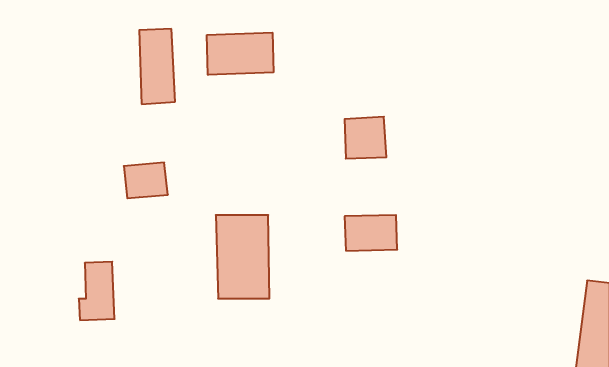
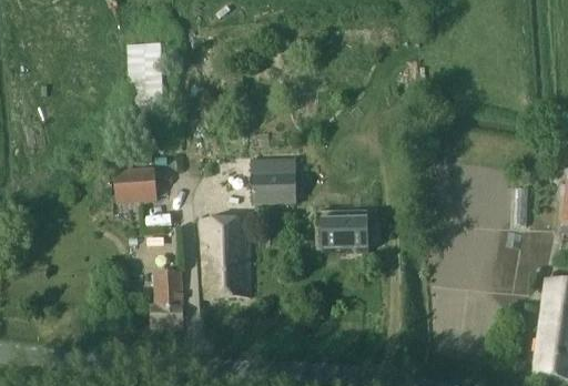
building: [207,33,273,75] -> none
building: [345,117,386,159] -> [255,159,294,197]
building: [79,262,115,320] -> [151,270,184,324]

